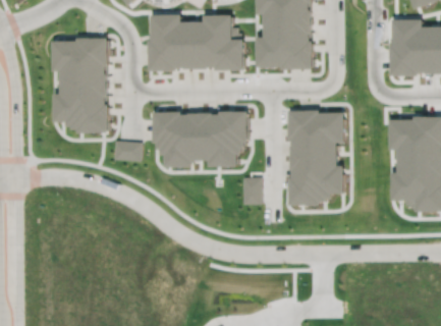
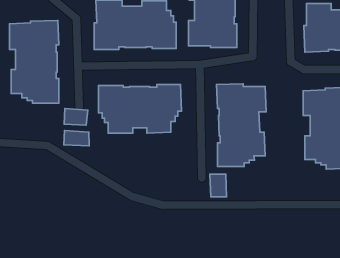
building: none -> [64,131,89,146]
building: [241,176,261,203] -> [210,174,227,197]

